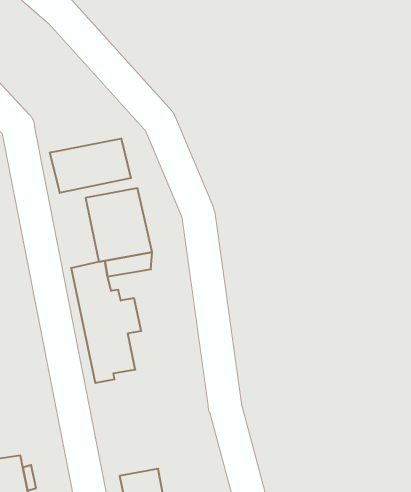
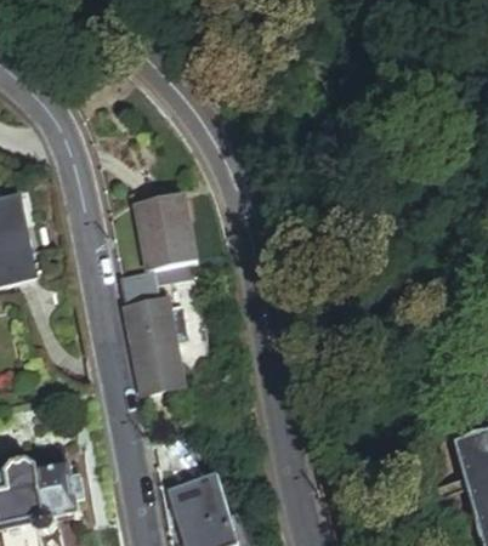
building: [50,138,131,193] -> none

